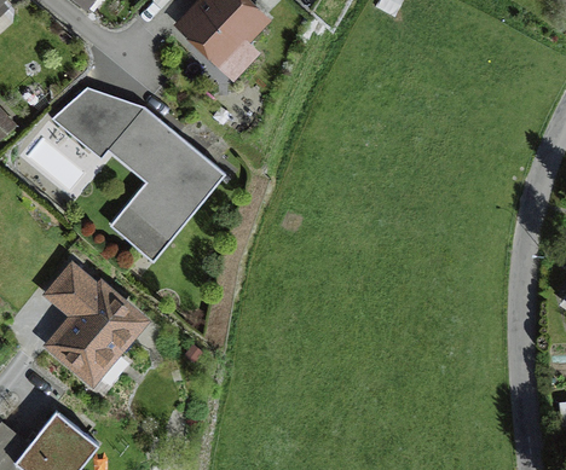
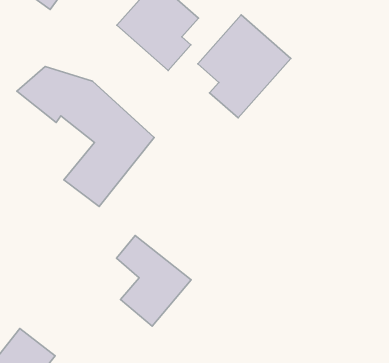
building: none -> [198,15,291,118]
building: [47,262,139,373] -> [117,235,191,326]

